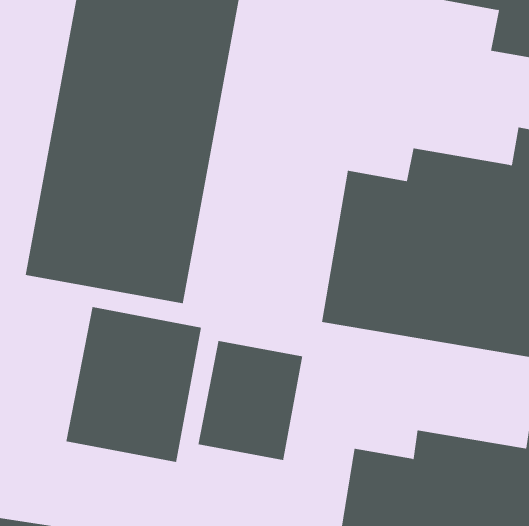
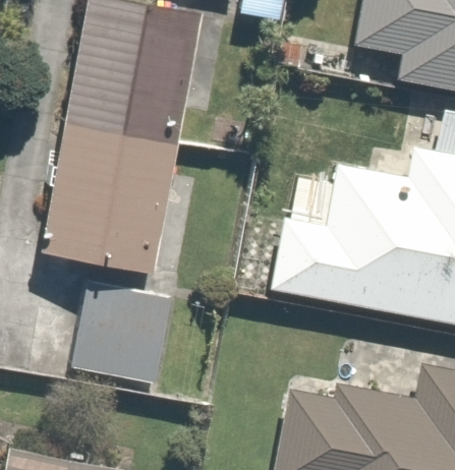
building: [198,340,303,461] -> none

